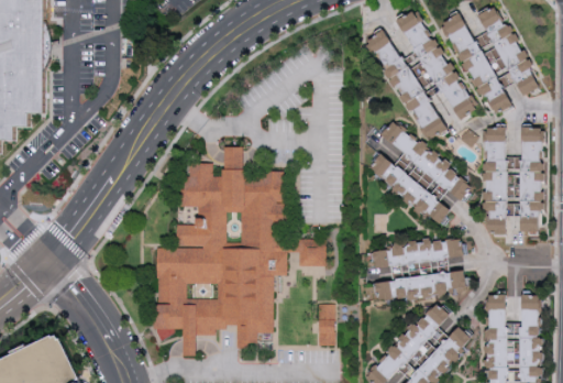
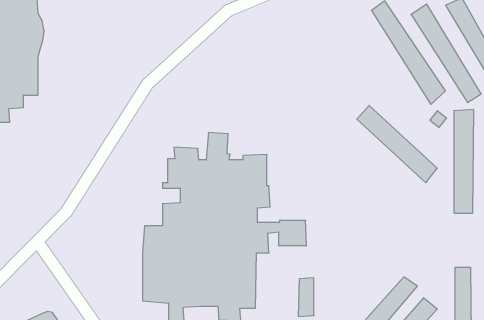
building: [364,34,444,139] -> none
building: [371,153,446,225] -> none
building: [368,237,460,267] -> none
building: [377,267,461,299] -> none

